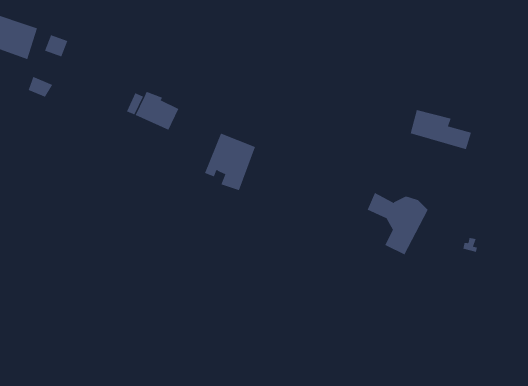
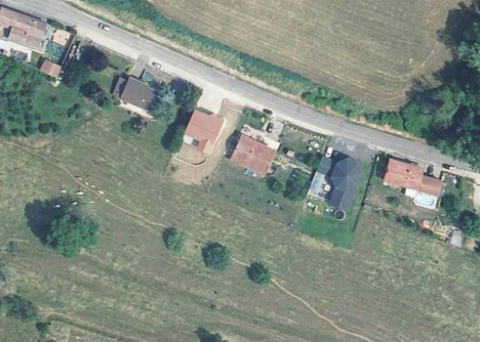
building: [410,110,472,150] -> [386,162,436,195]
building: none -> [233,131,274,168]

